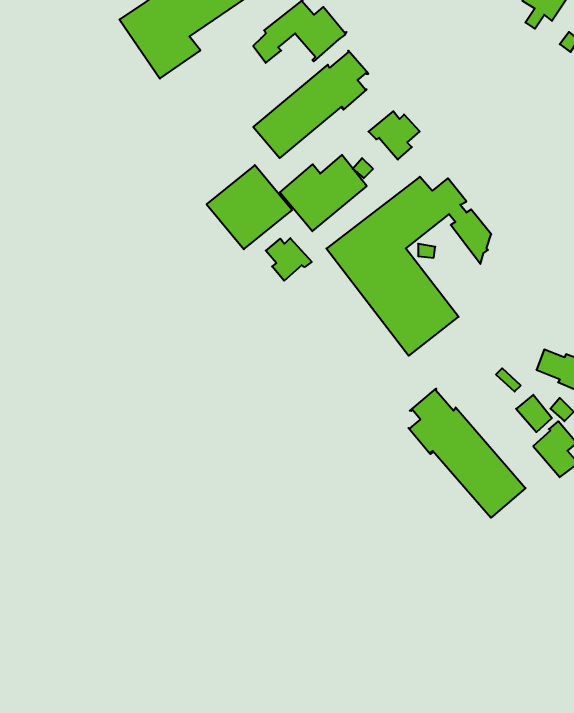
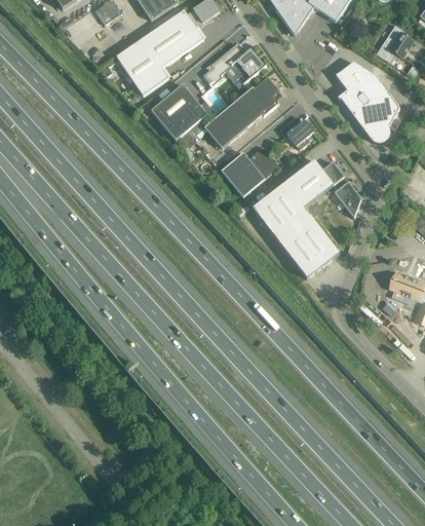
building: none -> [336,61,399,142]
building: [207,165,292,249] -> [151,83,207,139]
building: [266,238,312,281] -> none
building: [408,389,526,518] -> none

